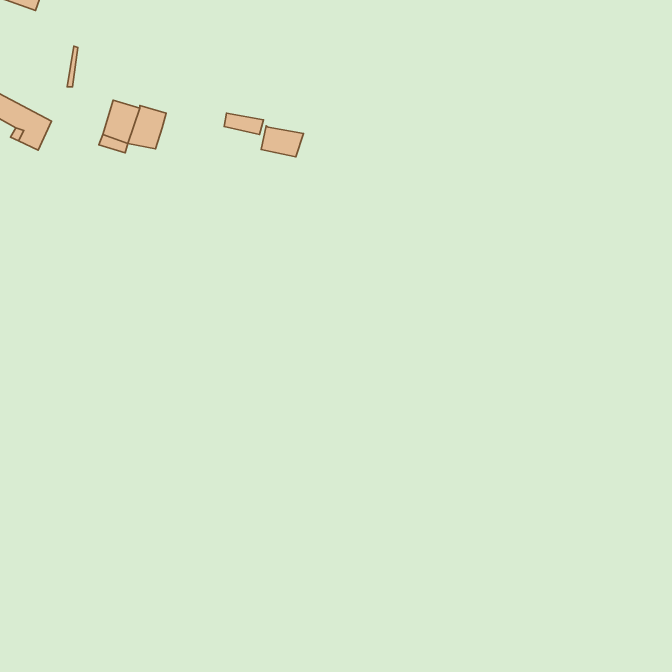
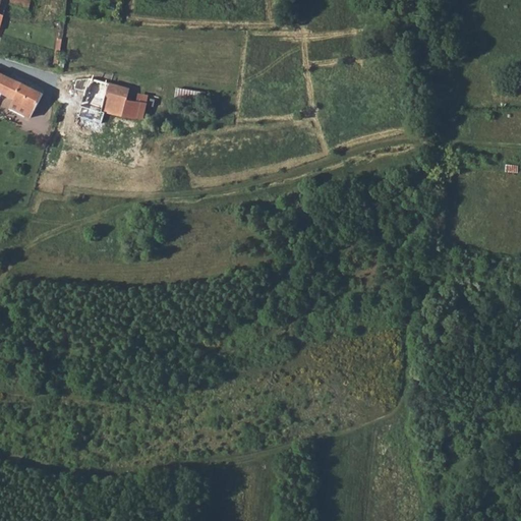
building: none -> [120,92,147,118]
building: [261,126,304,157] -> none

